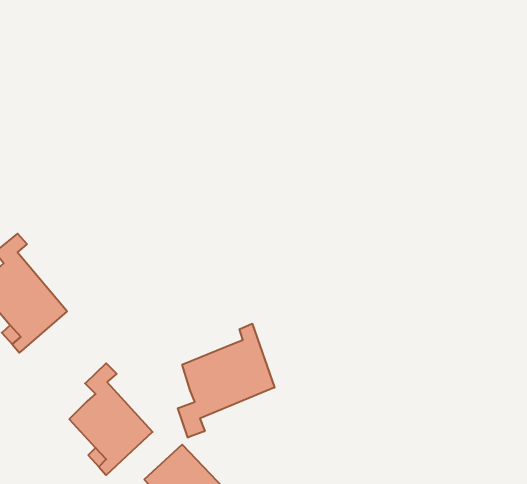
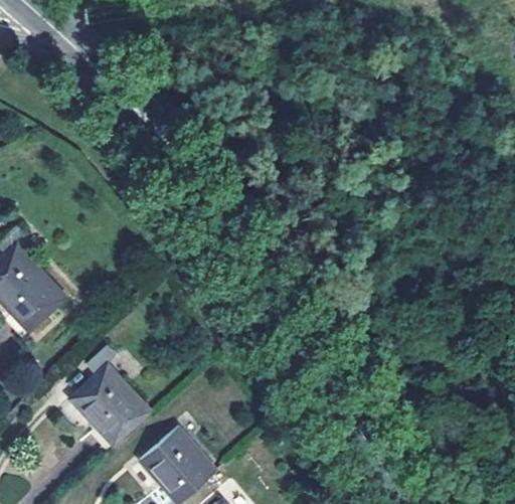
building: [178,324,275,438] -> none

